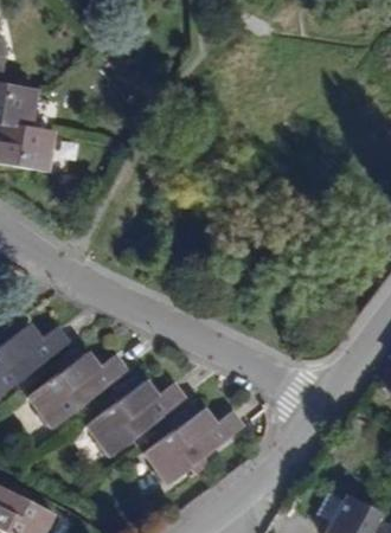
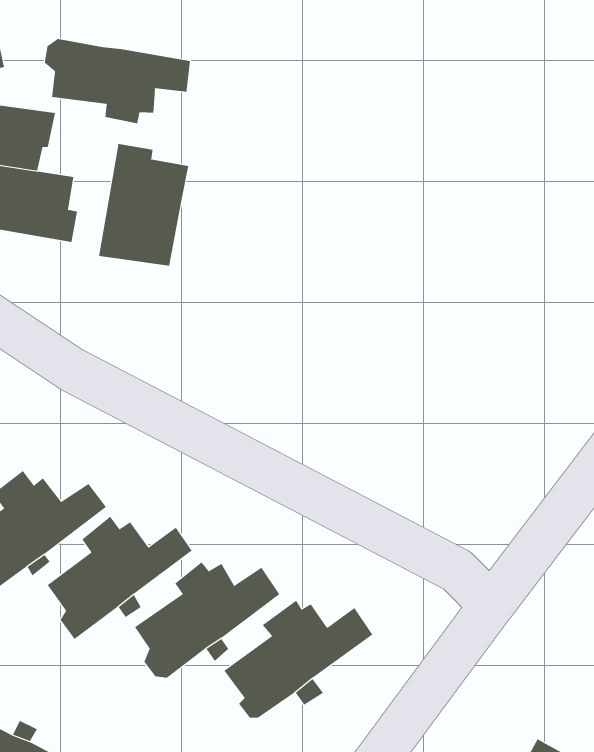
building: none -> [44,38,190,124]
building: none -> [99,143,189,267]

